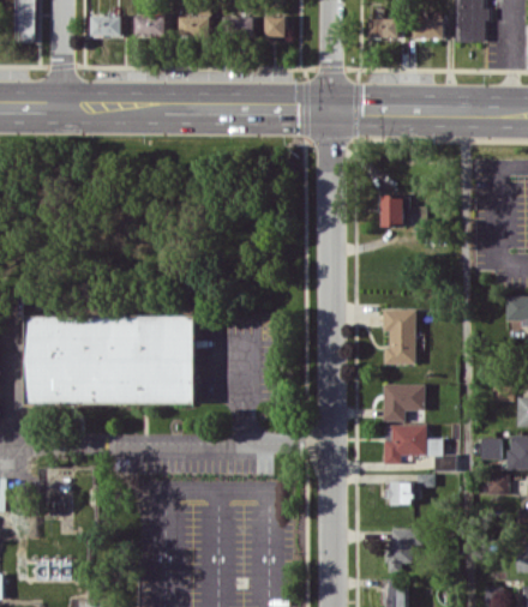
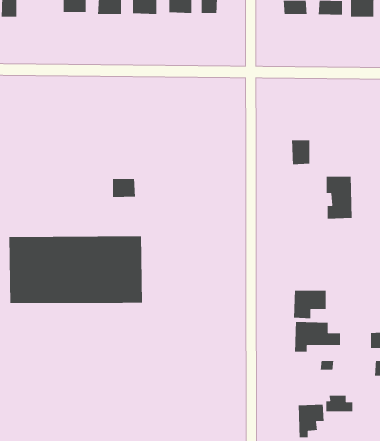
building: none -> [112,178,136,198]
building: [383,309,416,365] -> [326,176,352,219]
building: [386,482,421,504] -> [326,395,353,412]

